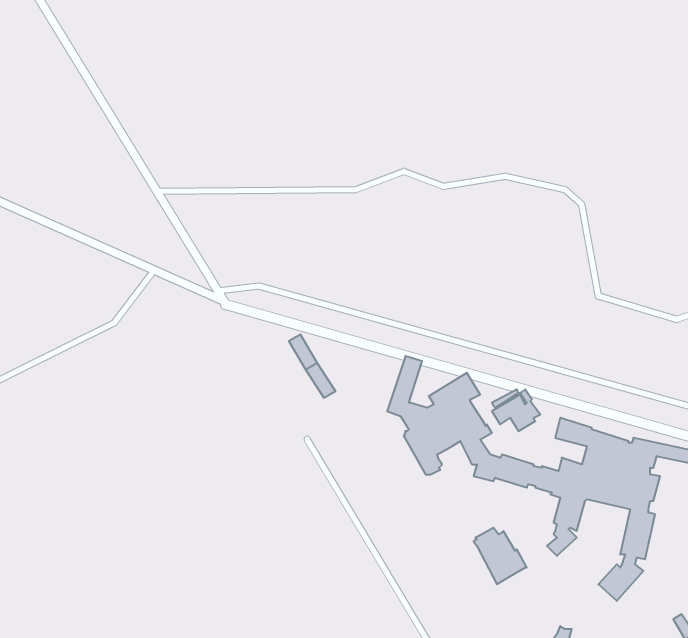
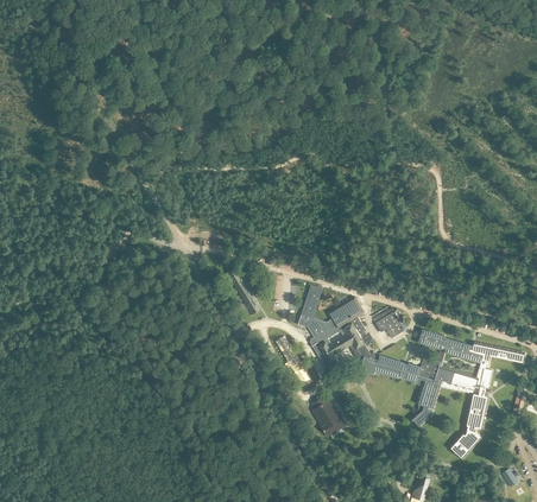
building: [474,528,527,584] -> [309,396,347,437]

